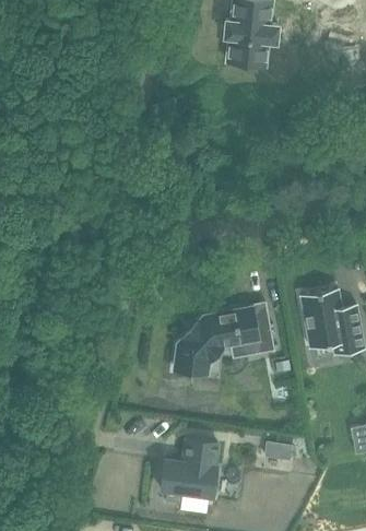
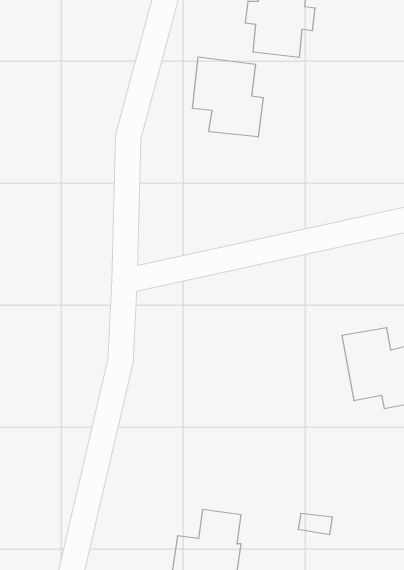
building: none -> [192,57,263,137]
building: [176,309,274,375] -> none

